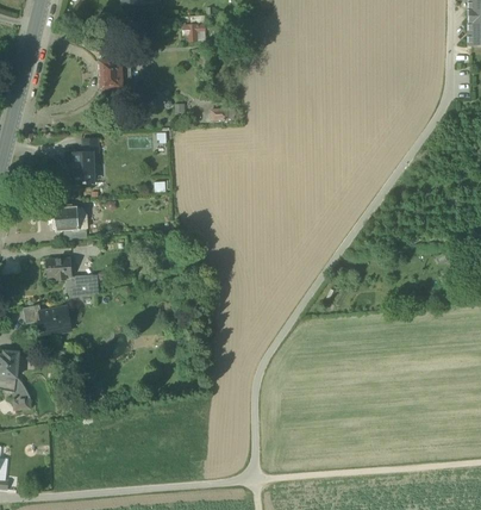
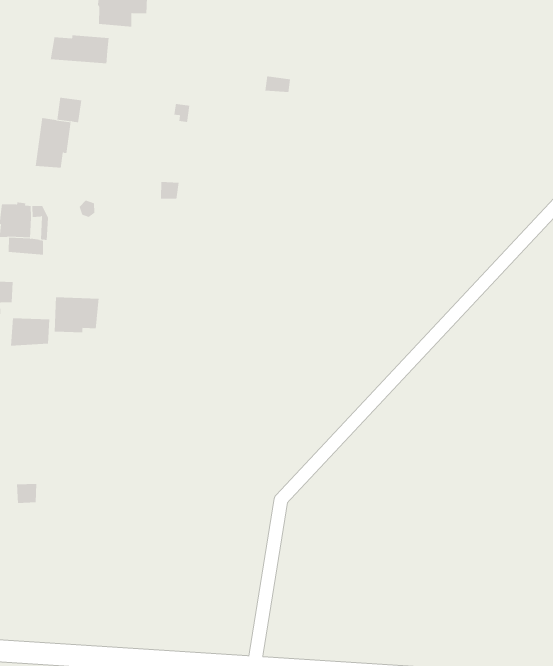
building: none -> [50,34,109,64]
building: none -> [54,297,99,333]

